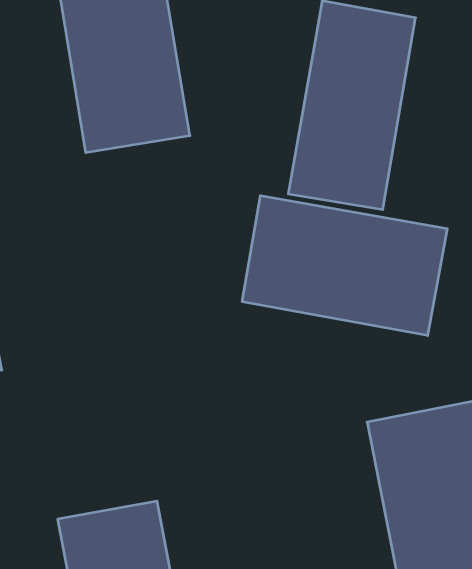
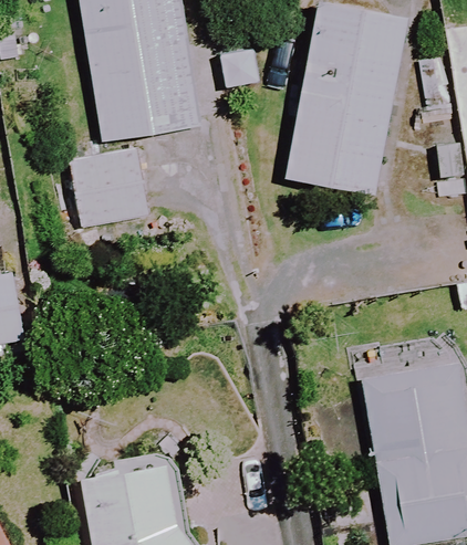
building: none -> [68,148,151,229]
building: [242,196,447,336] -> none

